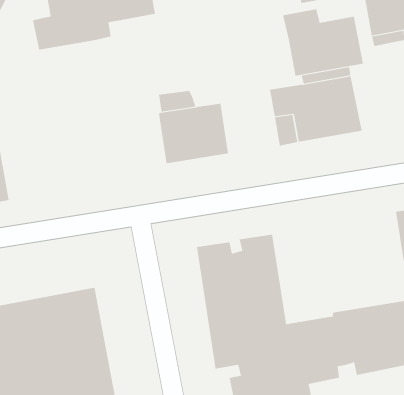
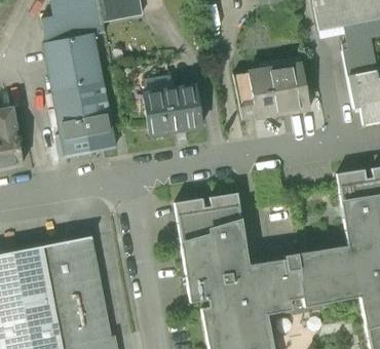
building: [282,8,363,76] -> none
building: none -> [43,35,116,158]

